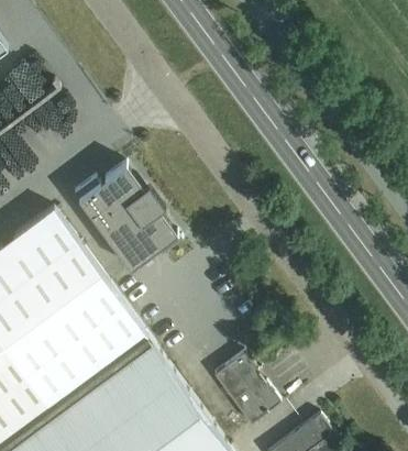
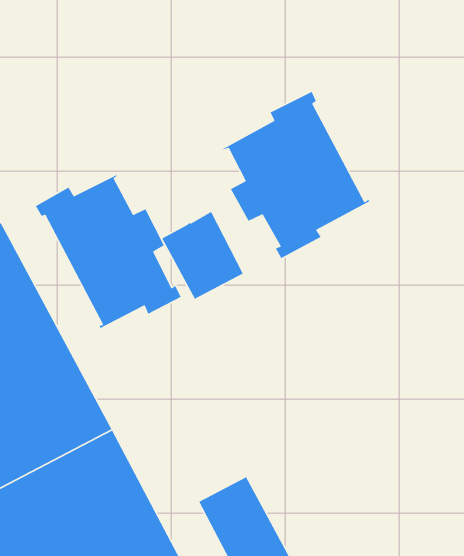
building: none -> [222,91,371,259]
building: none -> [161,211,244,300]

